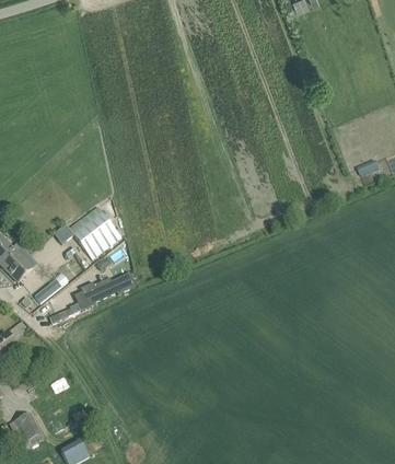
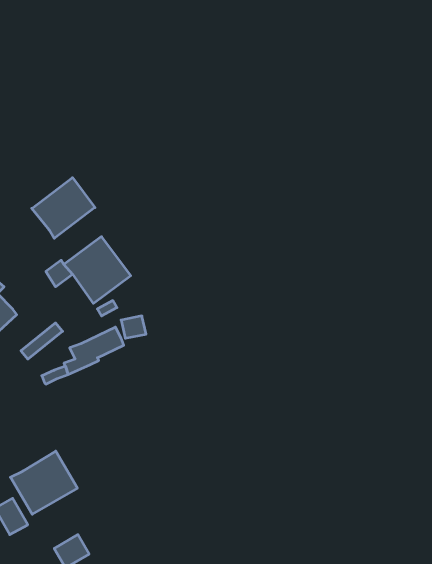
building: none -> [32,178,95,238]
building: none -> [10,451,77,514]

